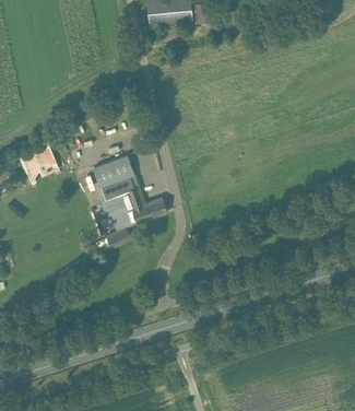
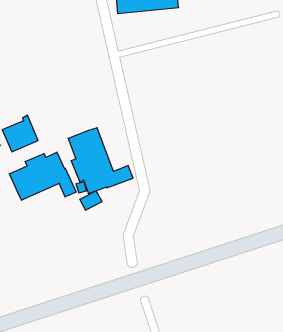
building: none -> [9,152,76,200]

